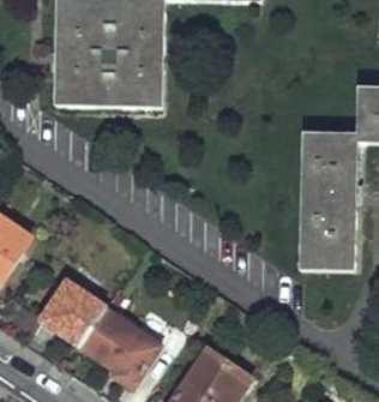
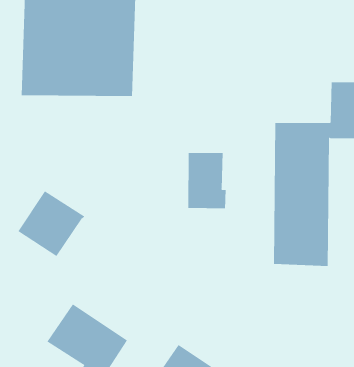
building: none -> [188,152,226,209]
building: [40,280,106,344] -> [17,190,85,257]

